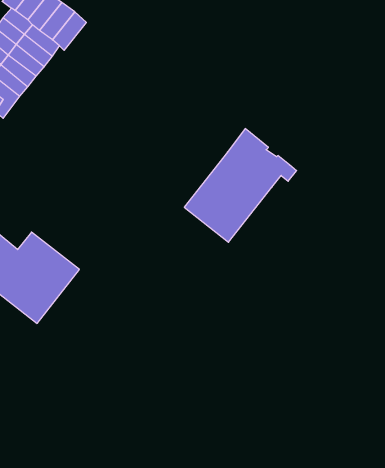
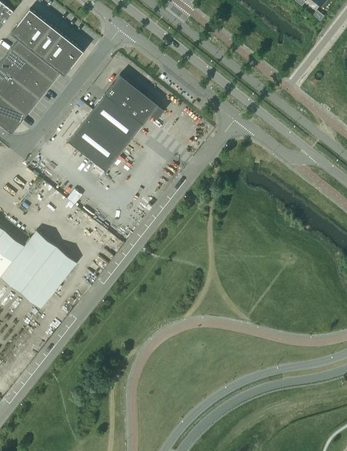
building: [184,129,297,242] -> [67,75,163,172]

